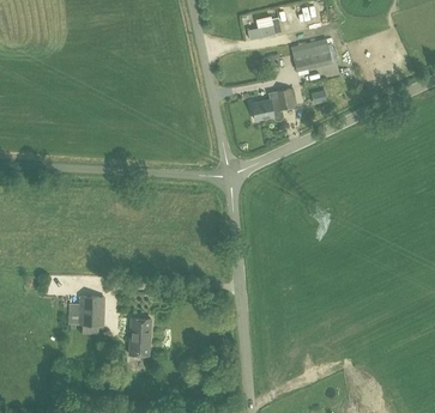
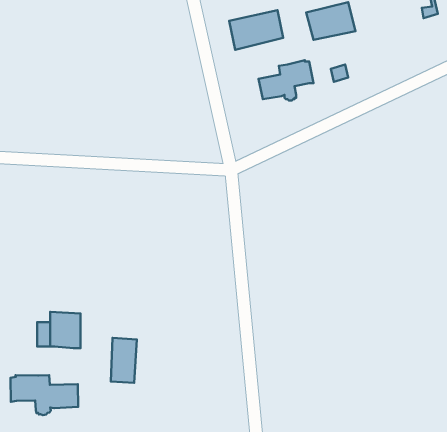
building: none -> [229,10,283,50]
building: none -> [10,375,78,415]

